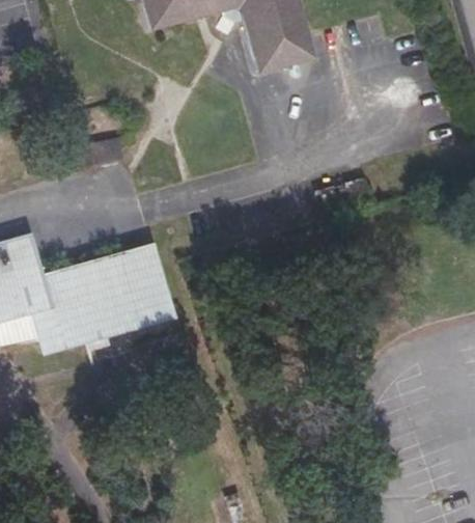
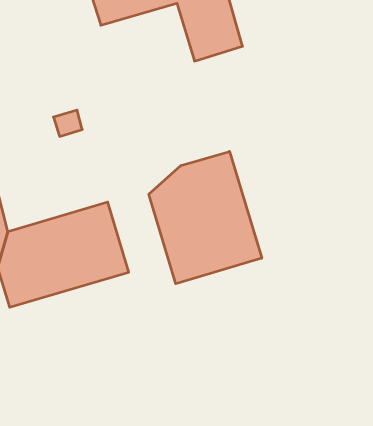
building: none -> [149,151,262,284]

